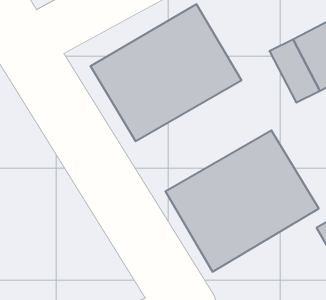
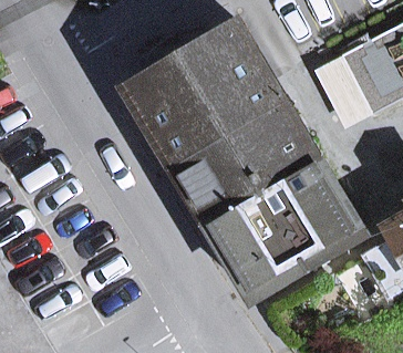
building: none -> [176,98,317,214]

